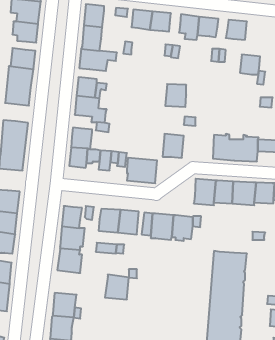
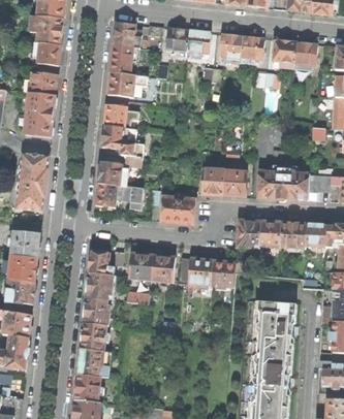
building: [240,55,260,75] -> [294,41,317,64]
building: [165,84,186,107] -> [223,170,247,196]
building: [105,275,129,299] -> [80,322,106,350]

